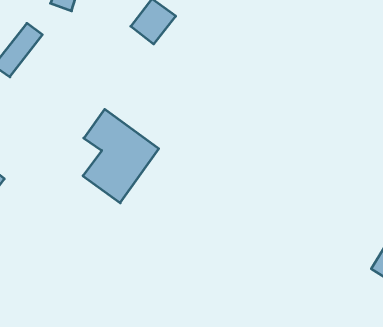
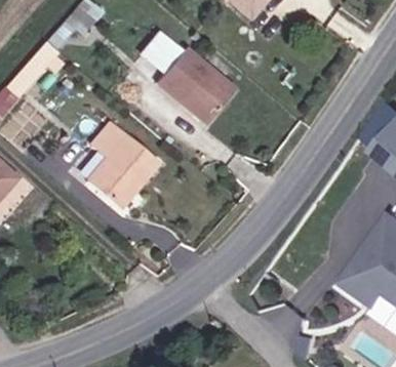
building: none -> [155,49,233,123]

